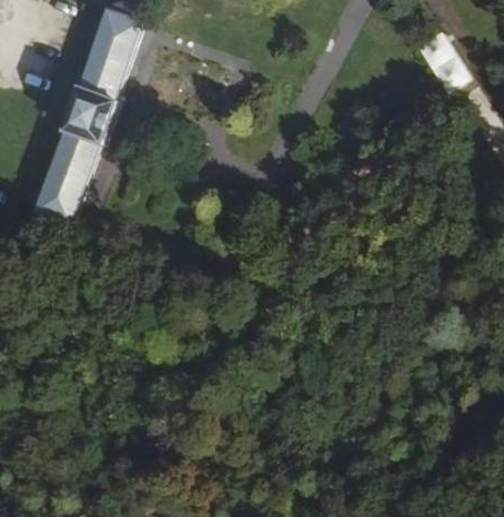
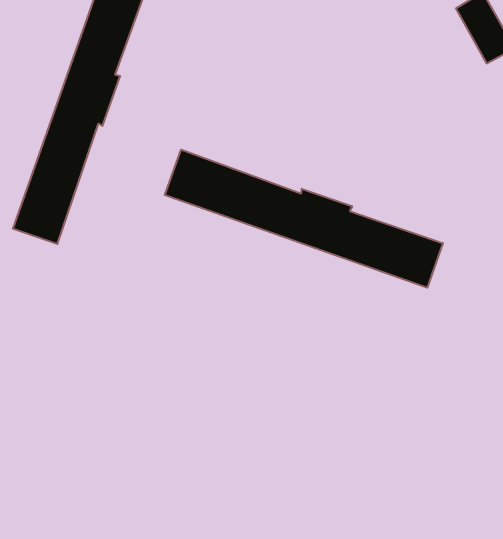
building: none -> [165,150,443,288]

